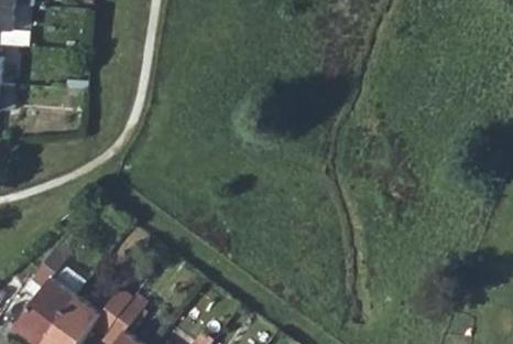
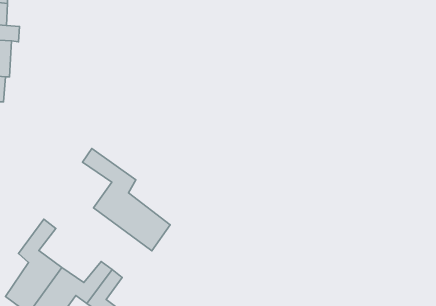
building: none -> [82,148,170,251]

